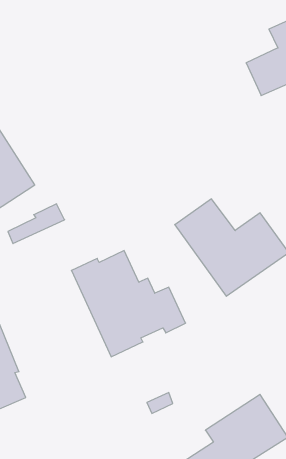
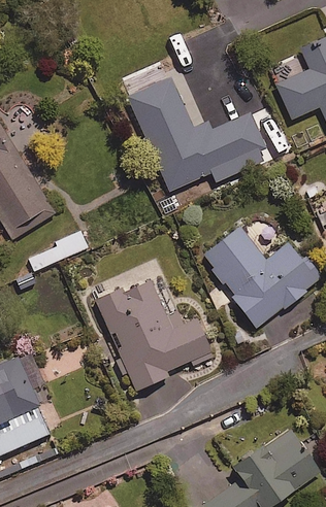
building: none -> [126,74,269,191]

